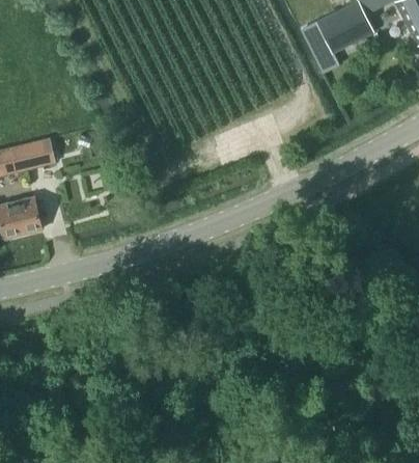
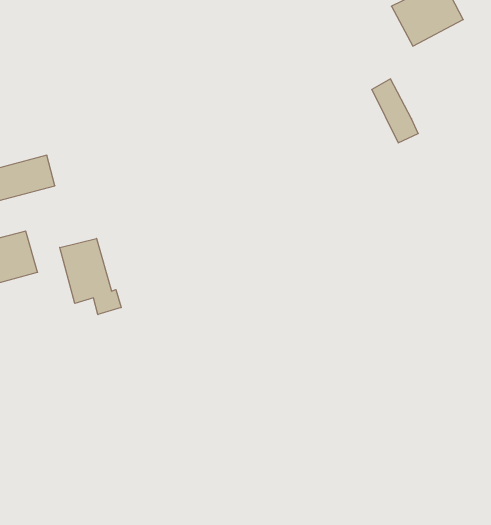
building: [302,21,338,71] -> [372,79,418,143]
building: none -> [60,238,121,315]

